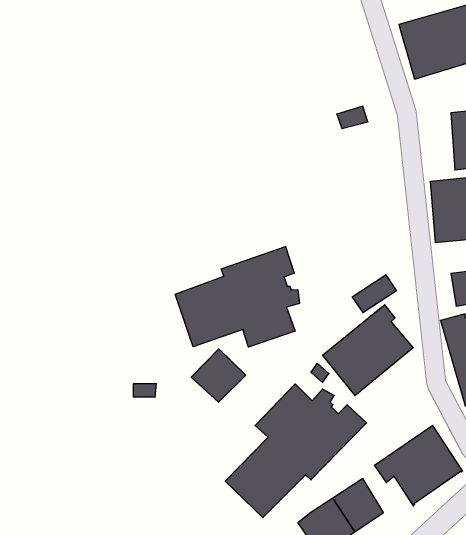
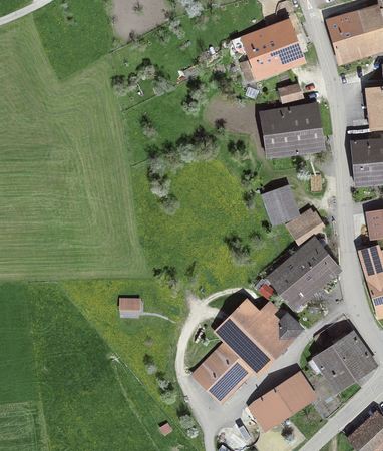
building: none -> [234,20,305,80]
building: none -> [260,103,325,156]
building: none -> [264,185,298,222]
building: [175,246,299,347] -> none
building: [191,349,246,402] -> none

